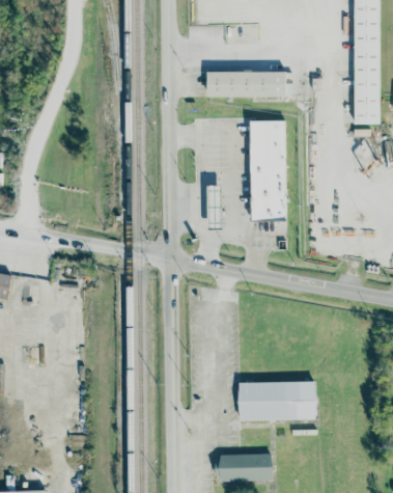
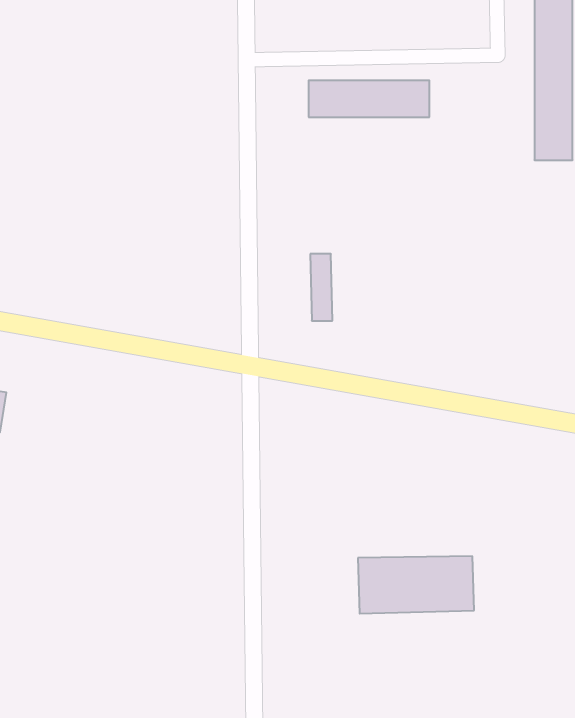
building: [250,122,286,218] -> none
building: [218,455,272,482] -> none

